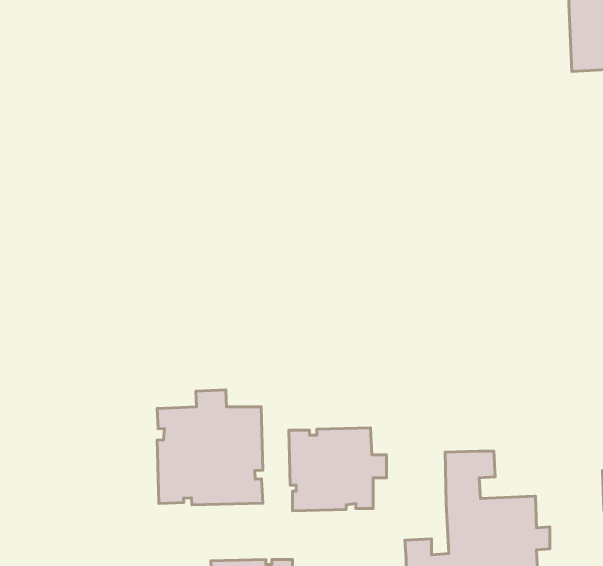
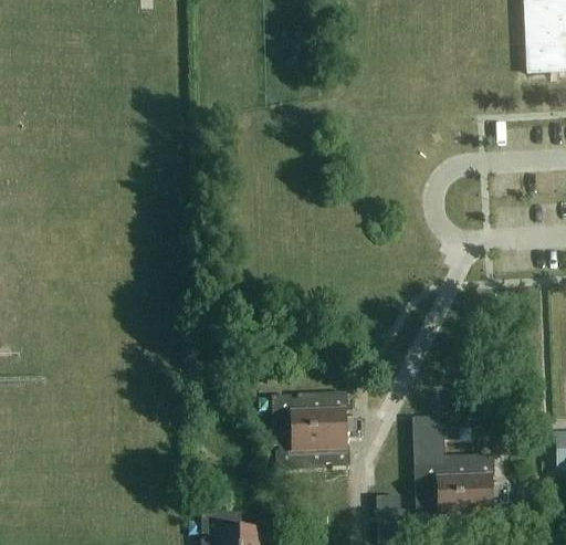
building: [157,390,263,505] -> none

